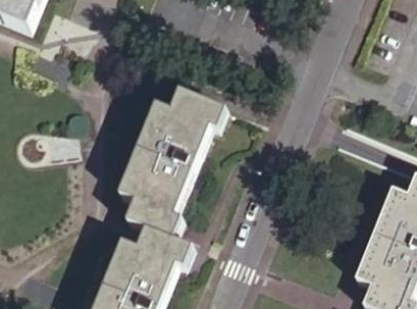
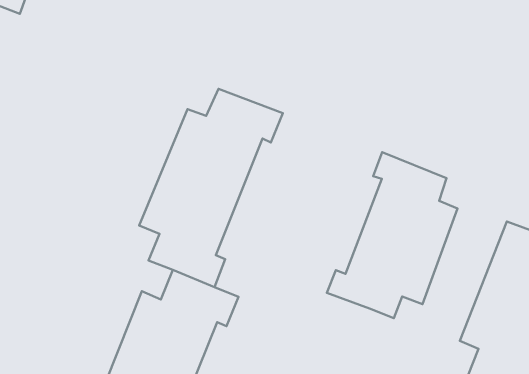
building: none -> [327,152,458,318]

